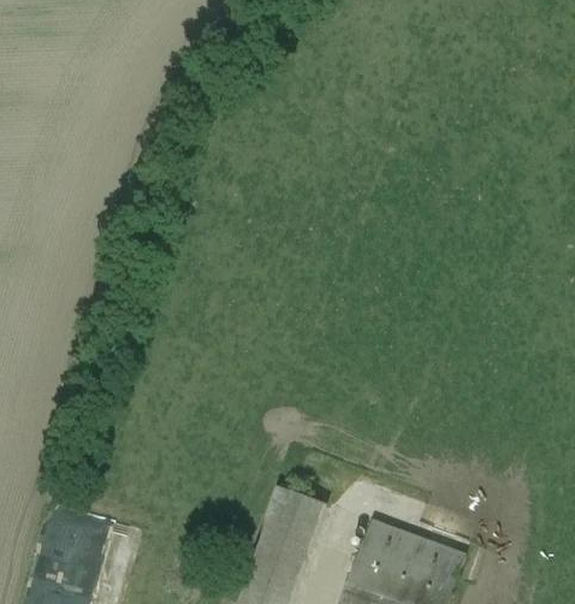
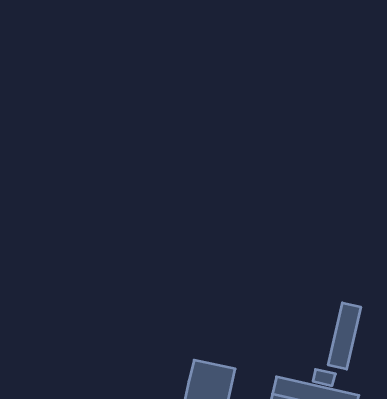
building: none -> [328,303,361,369]

